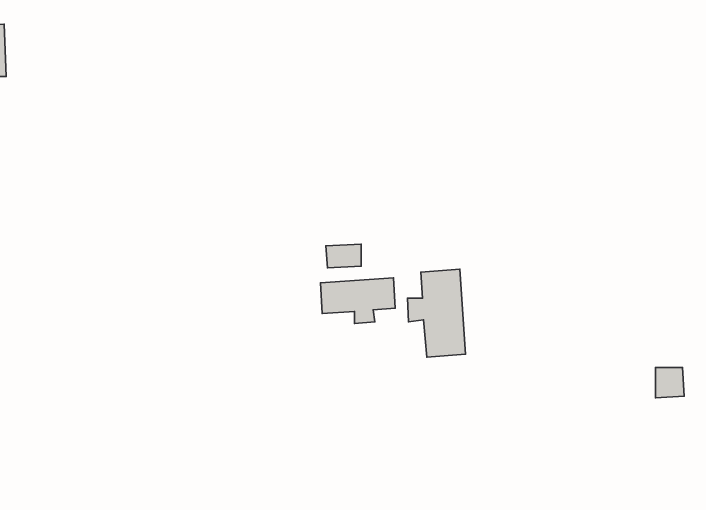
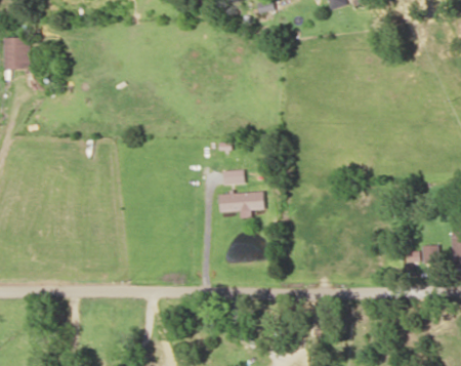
building: [407,269,466,357] -> none

